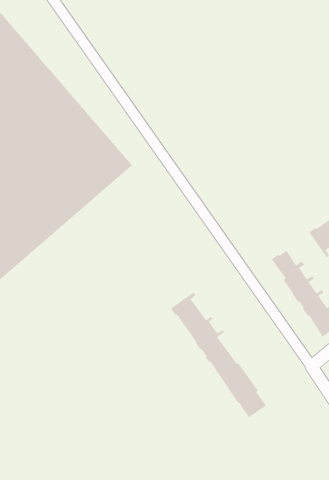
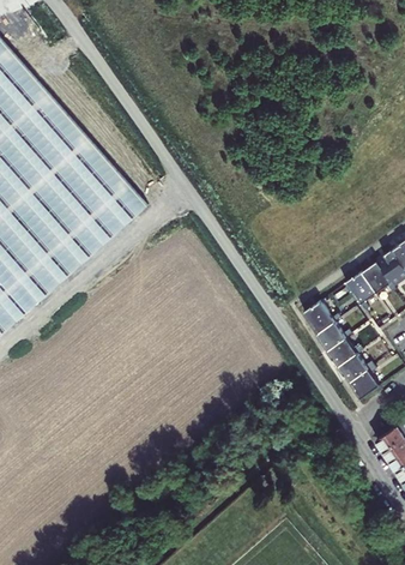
building: [170,292,267,418] -> none

